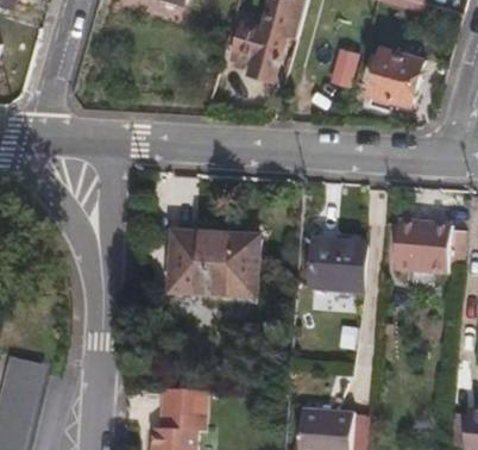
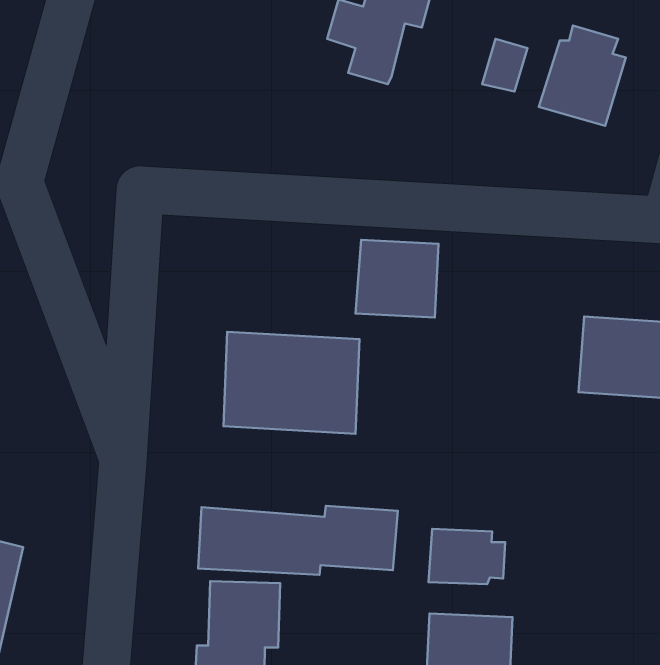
building: [310,239,363,288] -> [356,240,439,317]
building: none -> [198,506,398,575]
building: none -> [429,529,505,584]

